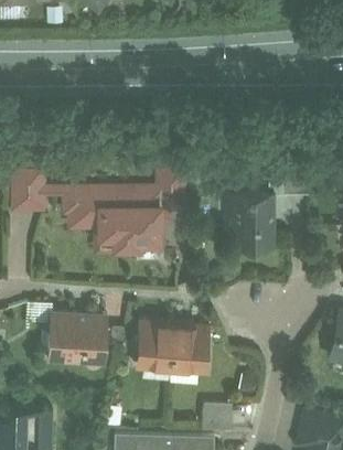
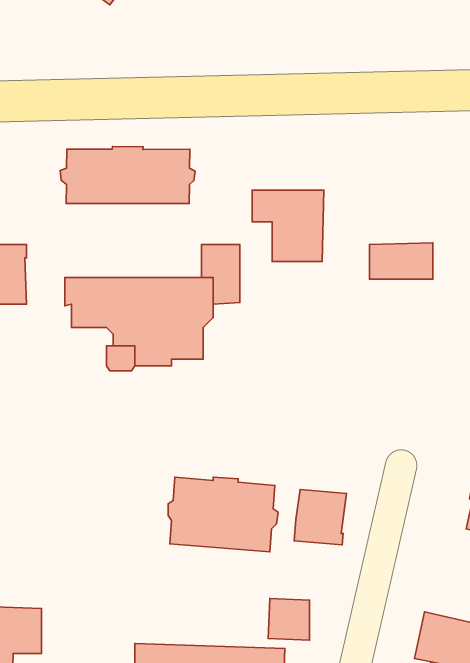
building: none -> [60,146,195,203]
building: [223,195,270,243] -> [252,190,324,262]
building: [41,312,106,364] -> none
building: none -> [294,490,347,545]

